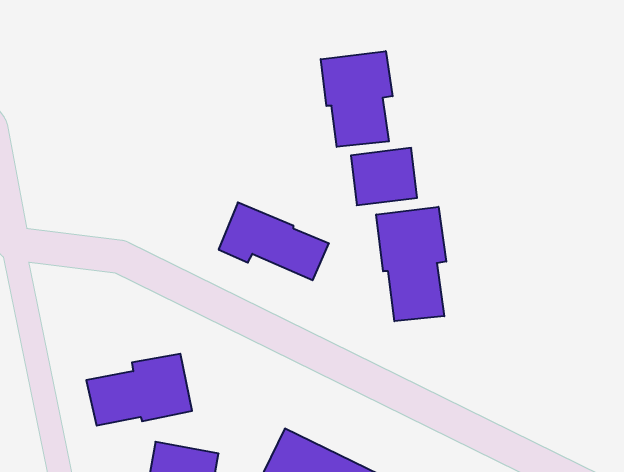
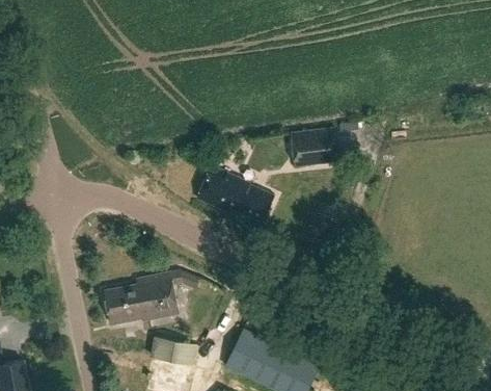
building: [321,51,393,147] -> none
building: [376,207,446,321] -> none

